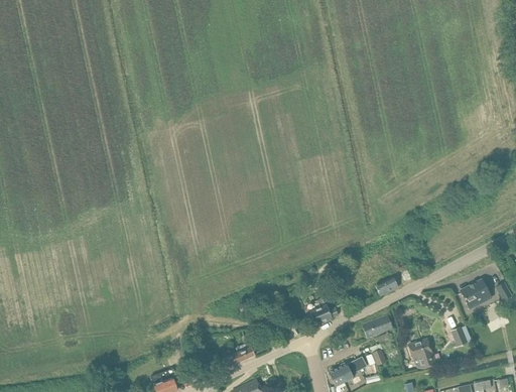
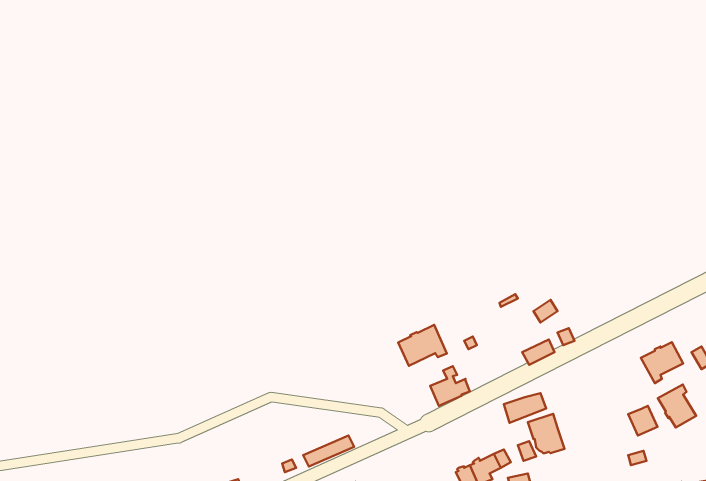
building: none -> [398,325,447,366]
building: none -> [658,384,696,428]
building: [409,340,435,368] -> [528,414,564,453]

